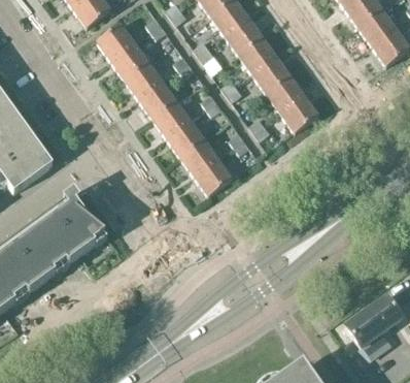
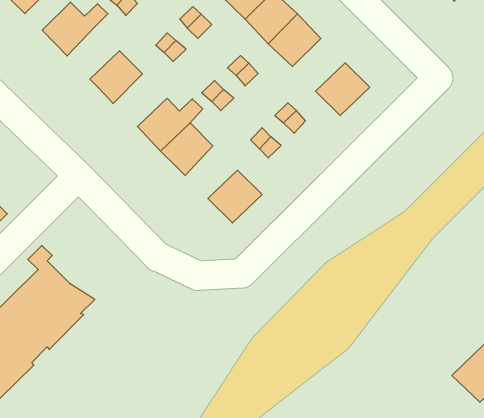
building: [110,42,147,78] -> none
building: [265,75,303,118] -> none
building: [137,81,175,117] -> none
building: [179,138,226,174] -> none

